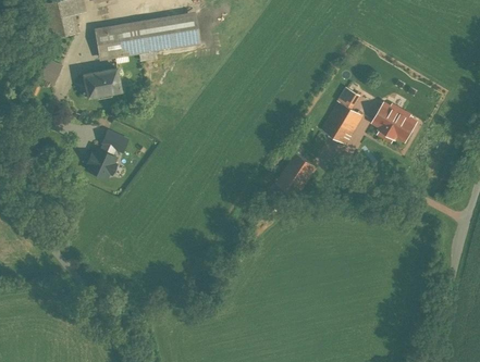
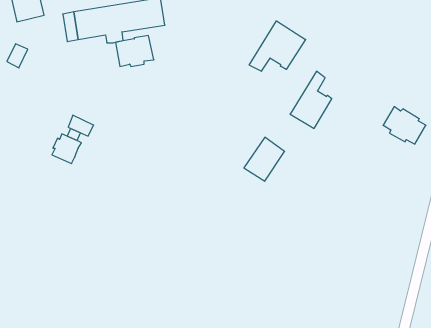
building: none -> [249,21,306,71]
building: [83,67,121,98] -> [116,36,154,66]
building: [372,103,415,140] -> [383,107,426,144]

